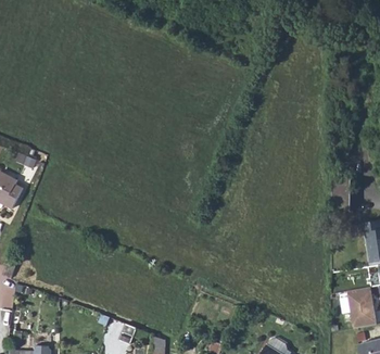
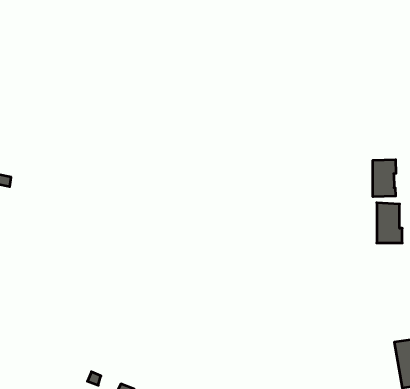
building: none -> [373,160,396,197]

